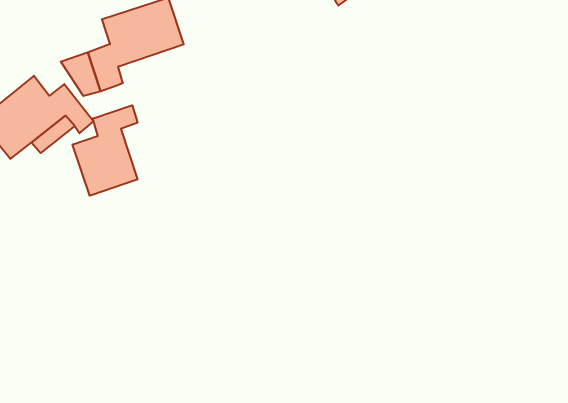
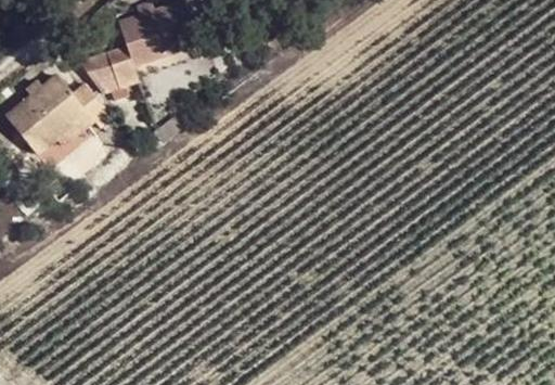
building: [73,105,137,196] -> none

